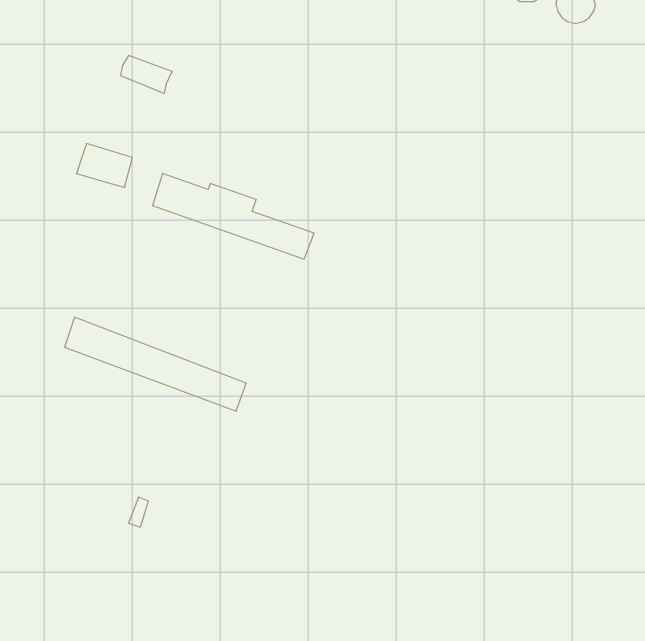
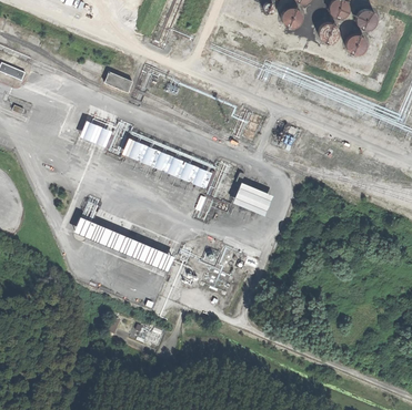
building: none -> [233,183,273,216]

